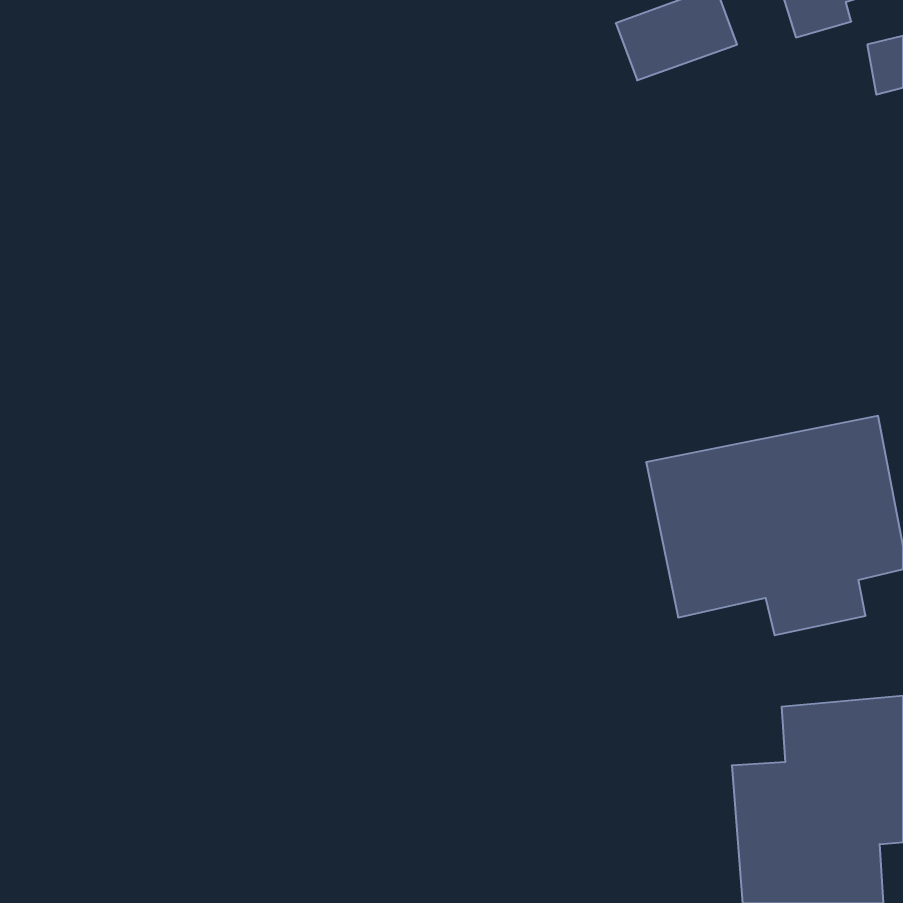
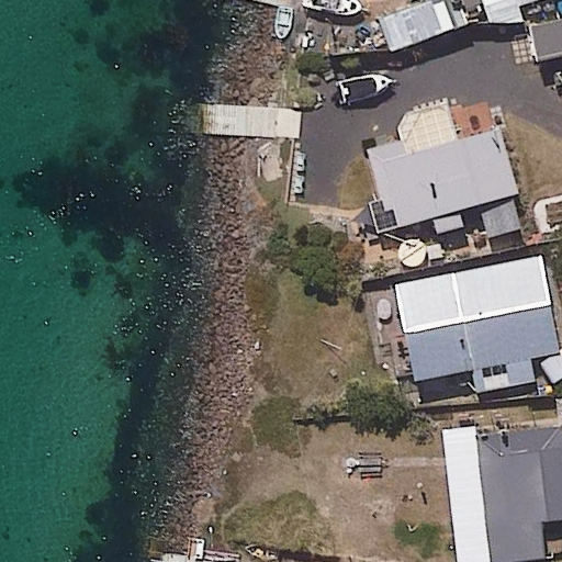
building: none -> [370,128,526,234]

